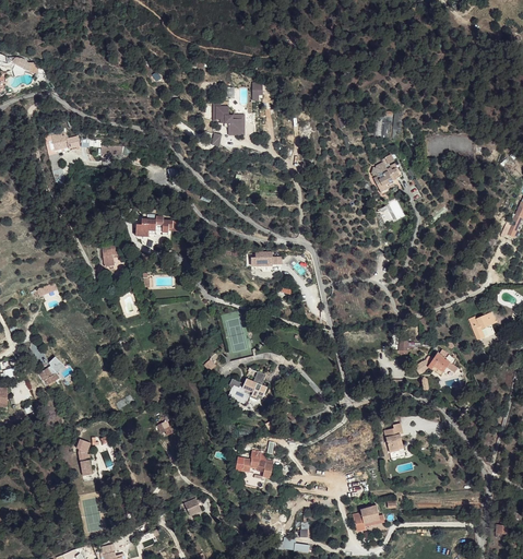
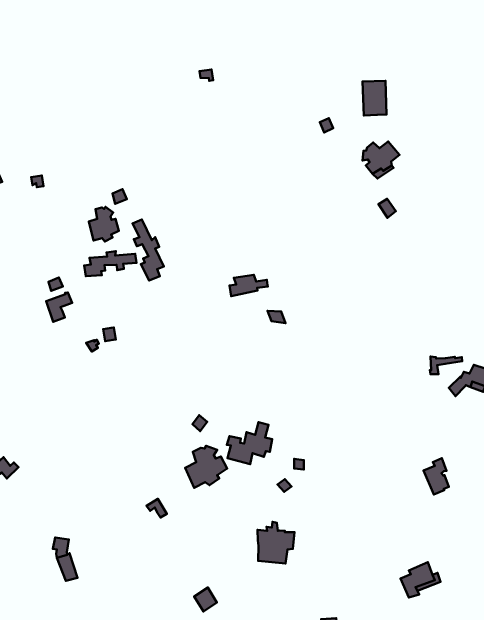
building: [215,106,241,134] -> none
building: none -> [89,207,119,241]
building: none -> [132,220,164,281]
building: none -> [185,446,227,488]

